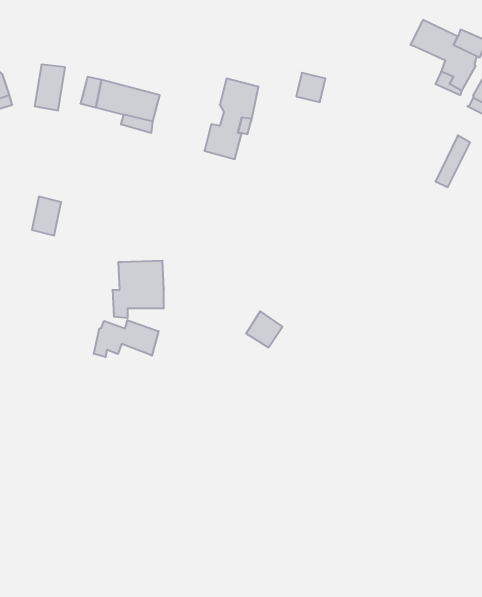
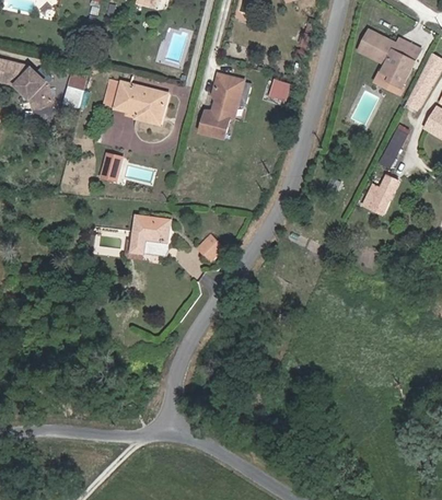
building: [32,197,61,236] -> [101,151,124,182]
building: none -> [360,176,395,214]
building: [246,311,282,347] -> [196,231,224,259]
building: [94,320,159,357] -> none

